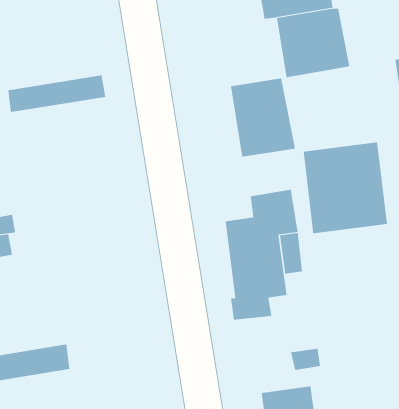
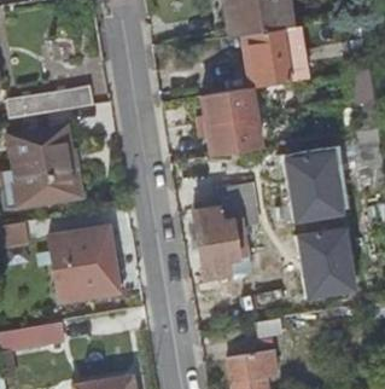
building: none -> [10,123,82,205]
building: none -> [49,226,118,300]
building: none -> [284,227,342,296]

